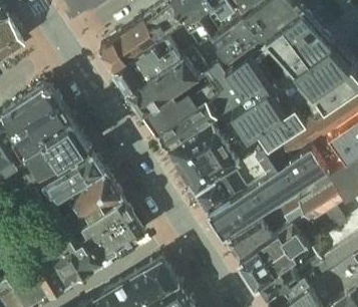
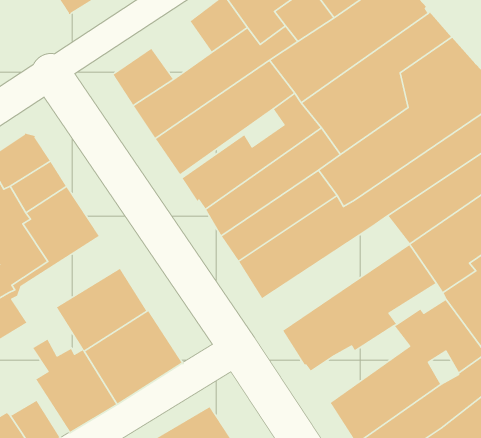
building: [126,16,164,53] -> none
building: [197,140,291,214] -> none
building: [43,154,106,204] -> none
building: [230,211,291,260] -> none

